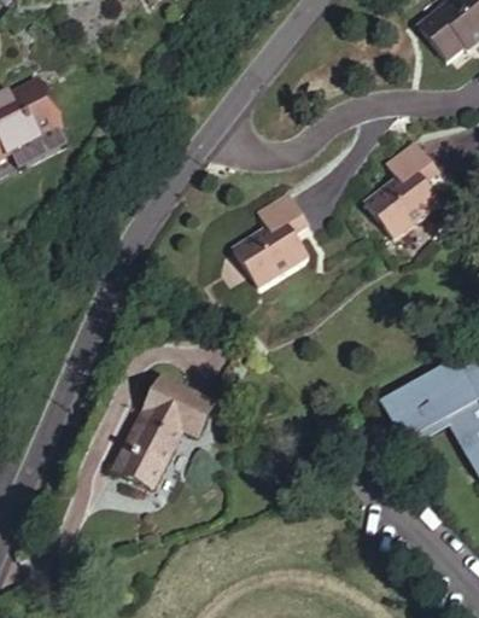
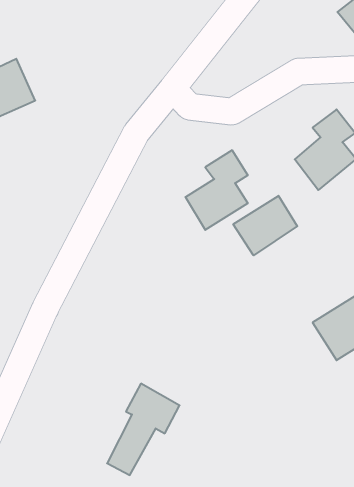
building: none -> [233,196,297,255]
building: [121,378,209,489] -> [107,384,180,475]

